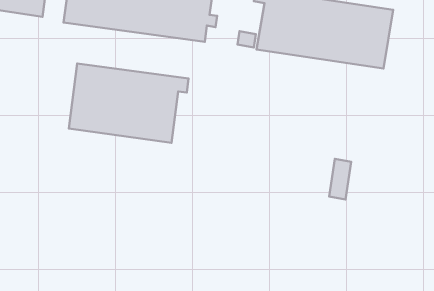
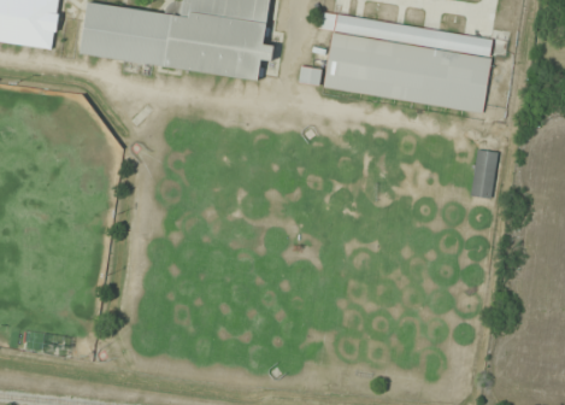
building: [69,63,189,143] -> none
building: [329,159,351,199] -> [470,148,498,199]

